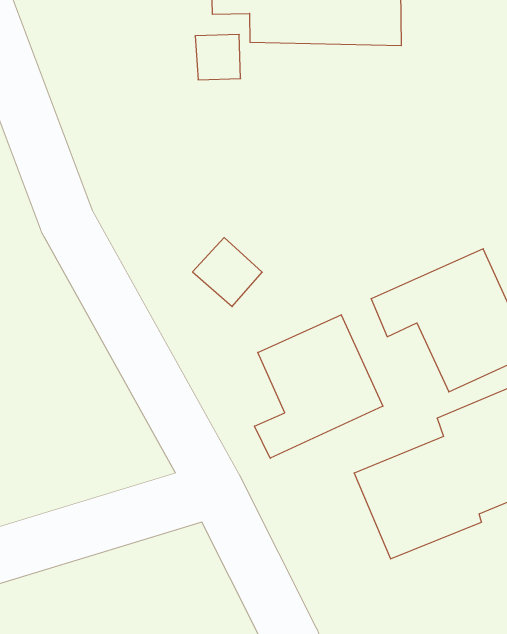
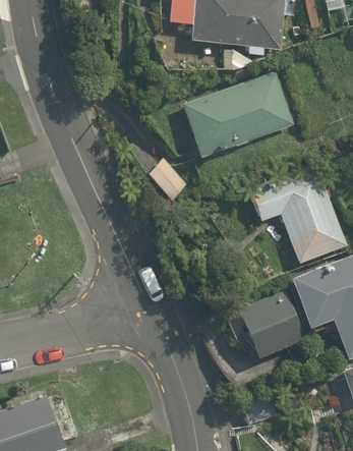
building: none -> [178,68,298,160]
building: [254,315,383,458] -> none

